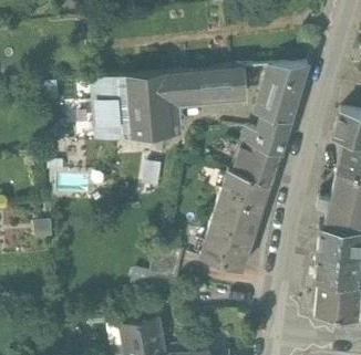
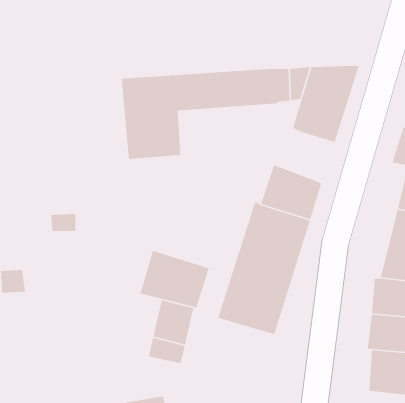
building: [89,74,130,140] -> none
building: [241,116,289,155] -> none
building: none -> [139,250,210,308]

